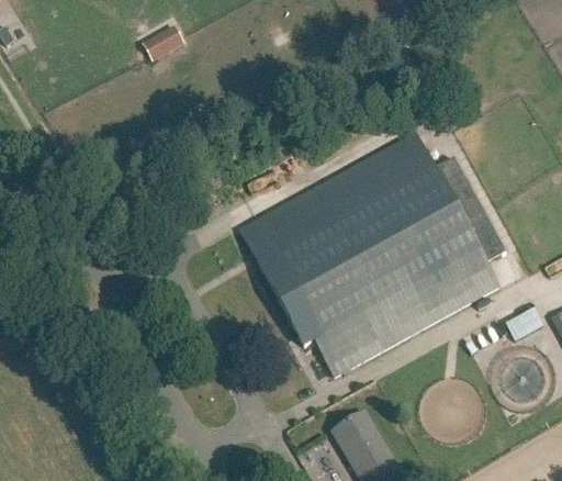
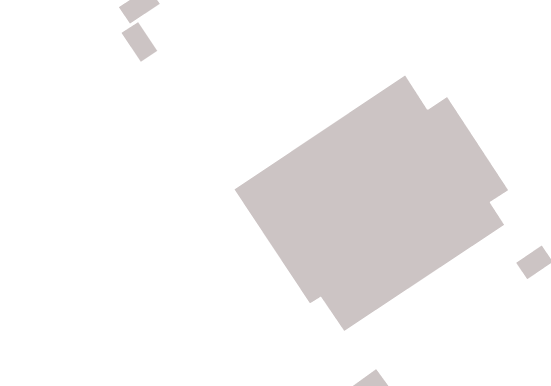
building: none -> [121,21,158,63]

